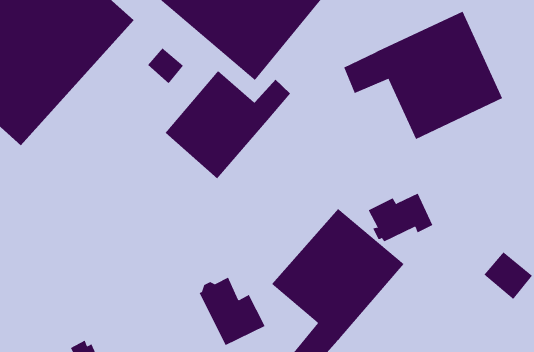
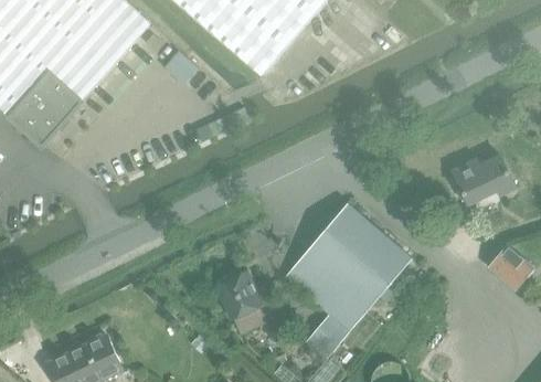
building: [343,11,503,140] -> none
building: [165,70,291,179] -> none
building: [368,193,433,242] -> [453,155,516,202]

